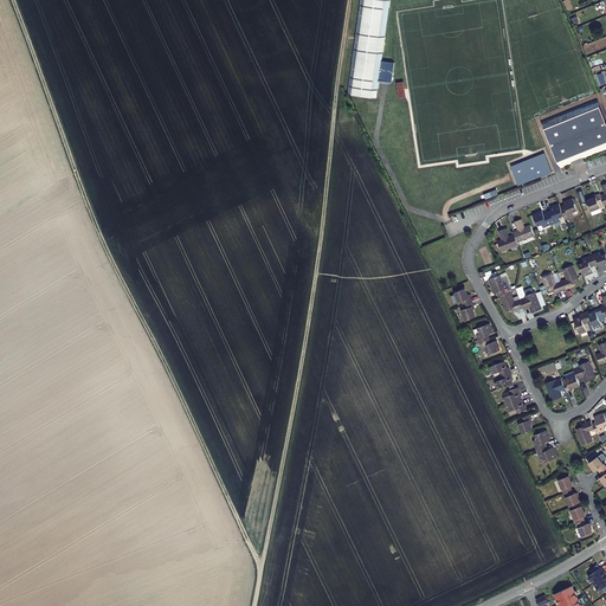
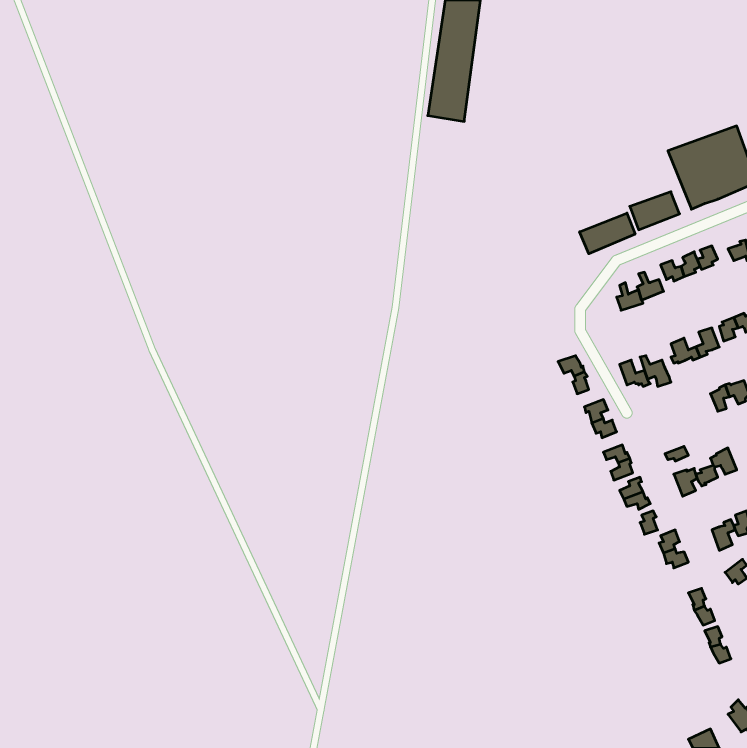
building: none -> [580,213,635,254]

